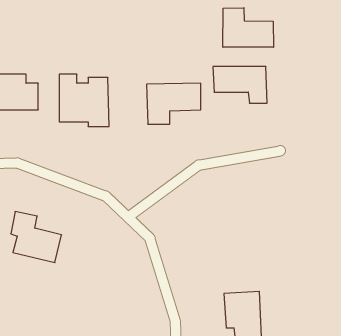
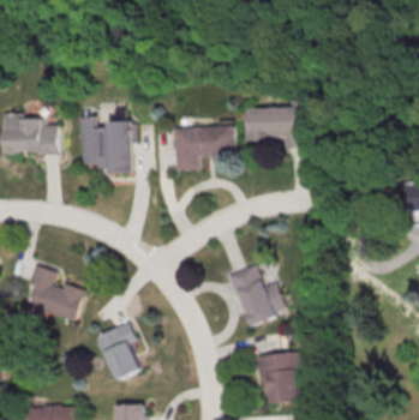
building: [223,8,274,47] -> none
building: none -> [228,265,287,328]
building: none -> [95,324,143,380]

